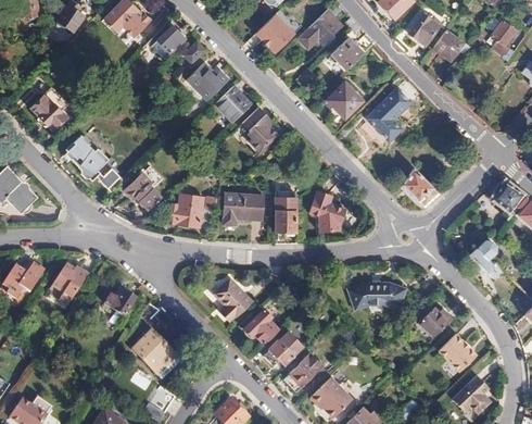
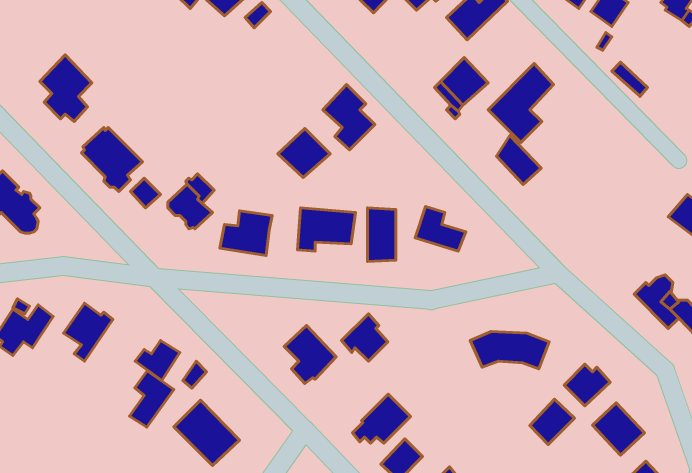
building: [189,58,230,96] -> none
building: [213,85,251,121] -> [278,128,330,178]
building: [403,167,435,203] -> [496,135,541,184]
building: [244,308,278,342] -> [342,314,388,361]
building: none -> [129,371,174,427]
building: none -> [530,399,574,444]

